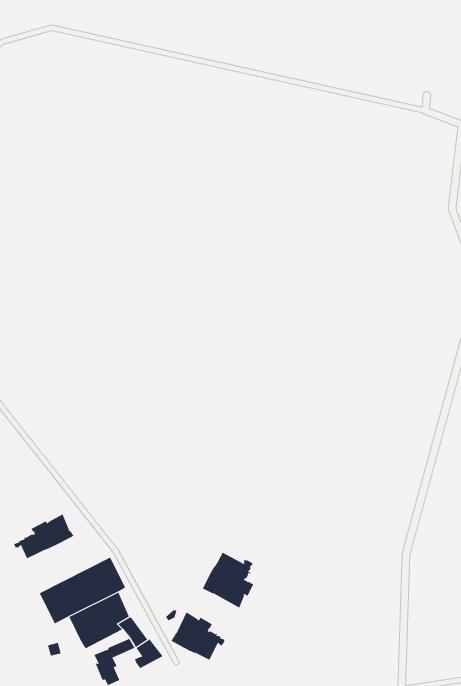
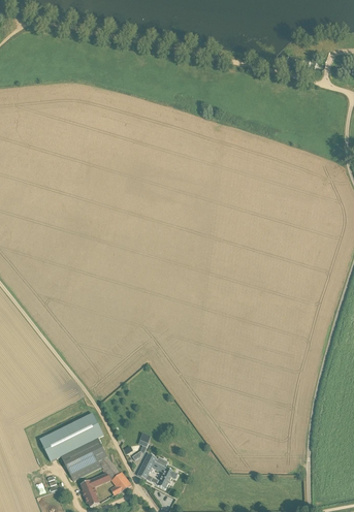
building: [14,514,74,559] -> none
building: [202,552,254,609] -> none

